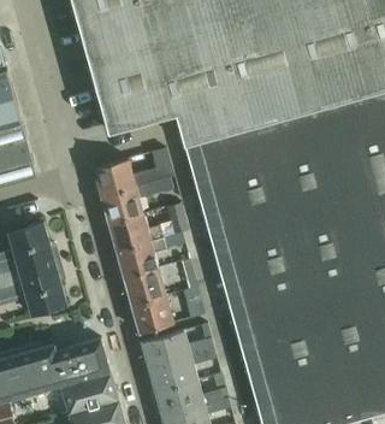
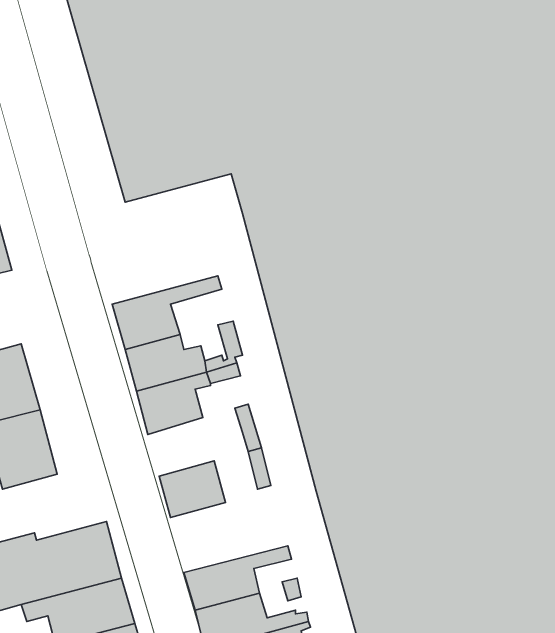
building: [95,148,172,199] -> none
building: [125,271,167,308] -> none
building: [142,326,214,370] -> none

